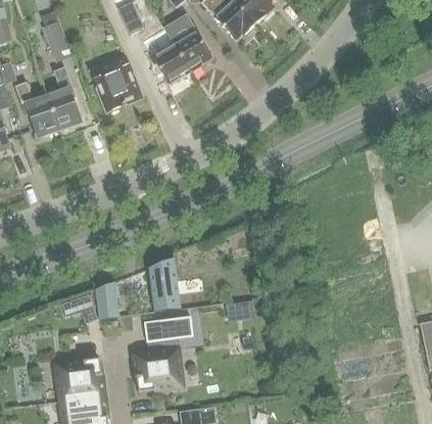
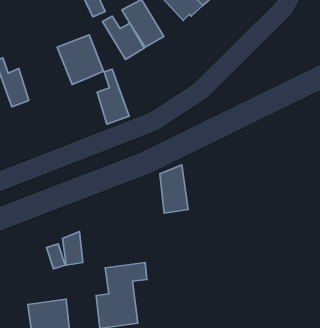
building: [43,19,73,61] -> none
building: [45,66,82,130] -> [97,69,129,124]
building: [148,256,181,312] -> [160,165,188,213]

